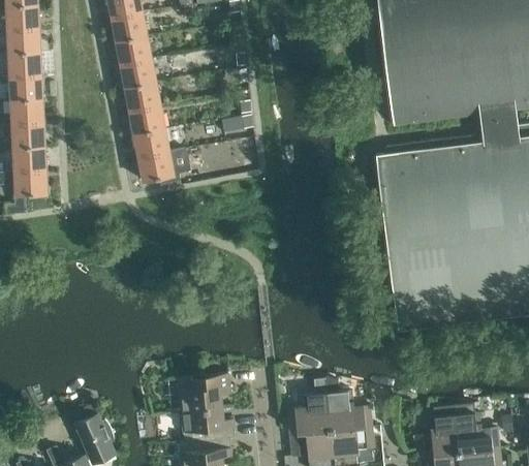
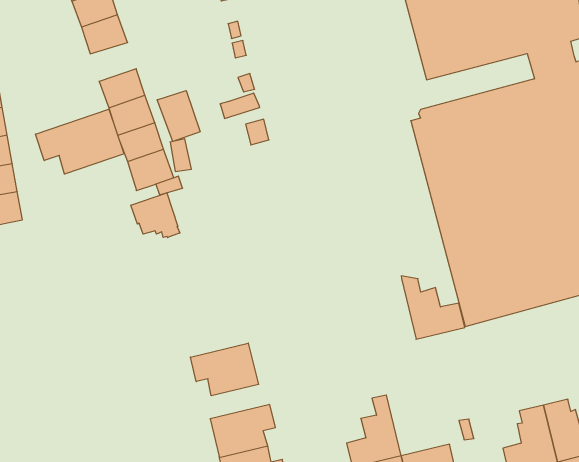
building: [120,59,156,88] -> none
building: none -> [157,91,200,141]
building: none -> [35,109,124,174]
building: none -> [131,193,180,238]
building: none -> [190,343,258,396]
building: [325,376,372,430] -> [401,276,465,339]

